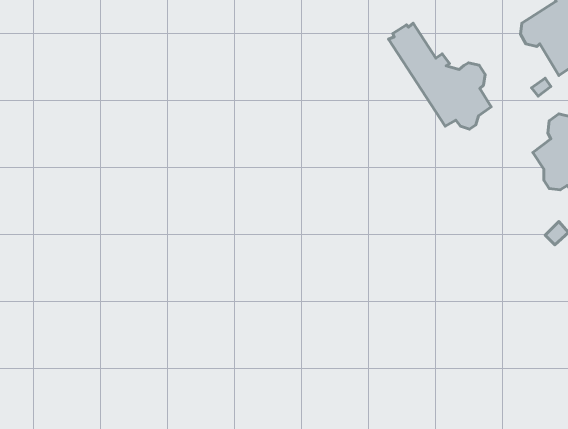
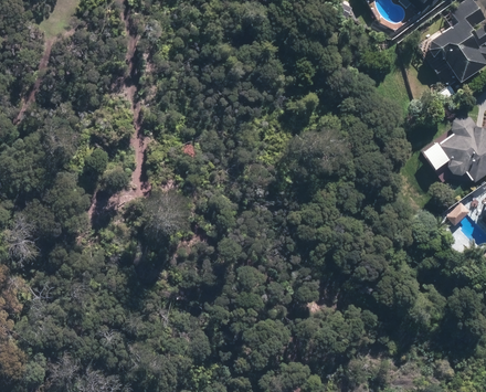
building: [389,23,491,129] -> none

